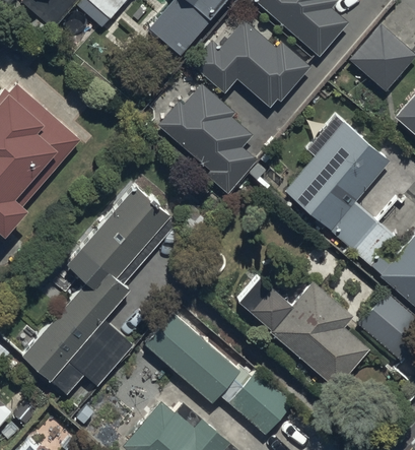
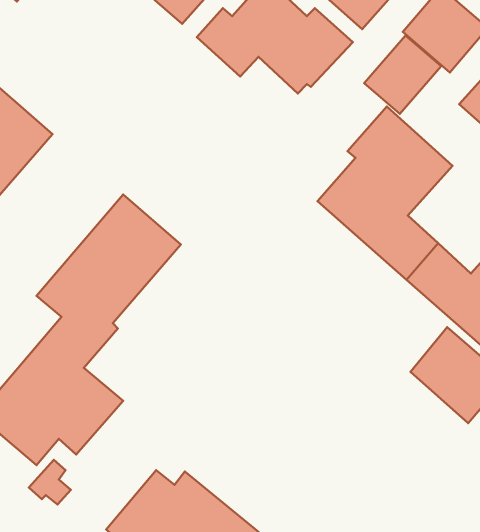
building: none -> [364,36,441,114]
building: [158,83,257,194] -> none
building: [238,276,369,387] -> none
building: [143,316,291,440] -> none

